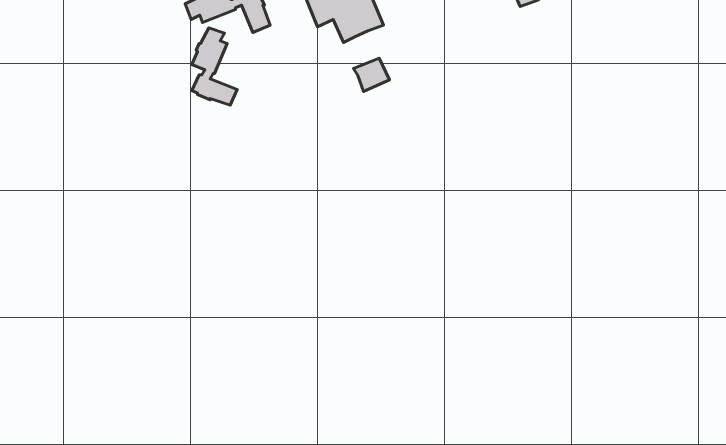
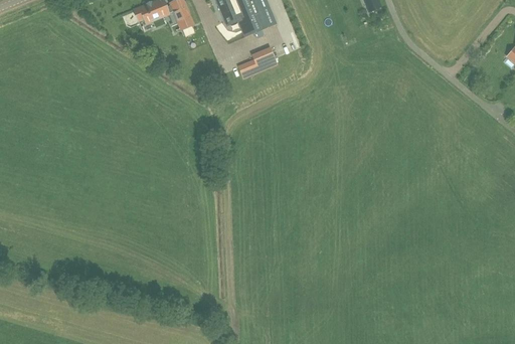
building: [192,28,237,105] -> none

